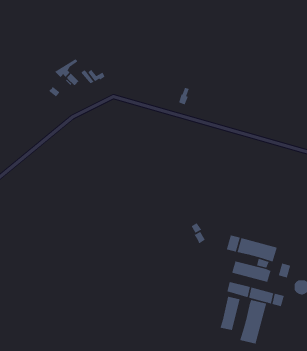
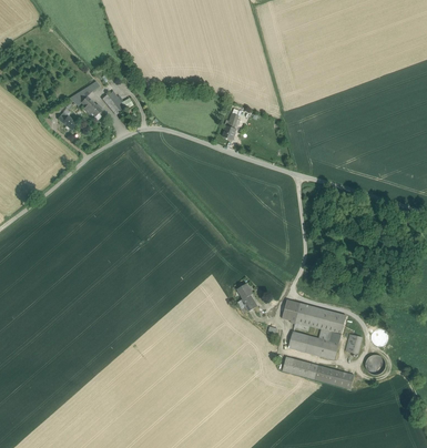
building: [219,296,241,331] -> none
building: [239,299,267,345] -> none

